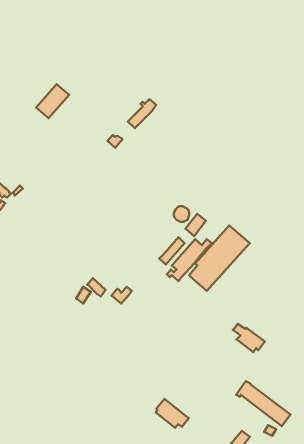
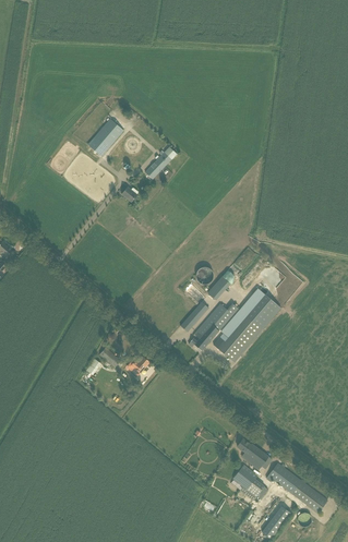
building: [36,84,69,118] -> [86,117,123,155]
building: [233,324,265,352] -> [236,437,272,469]
building: [156,399,189,428] -> [230,466,267,498]

